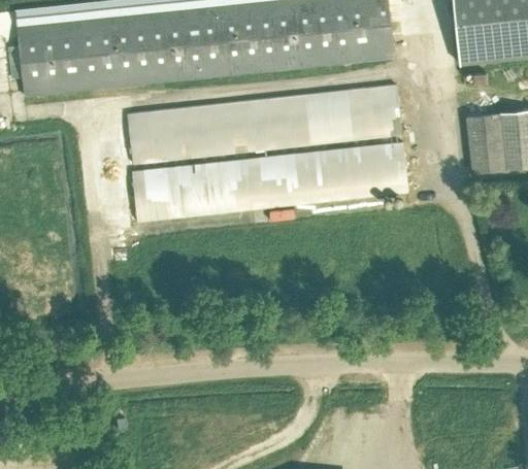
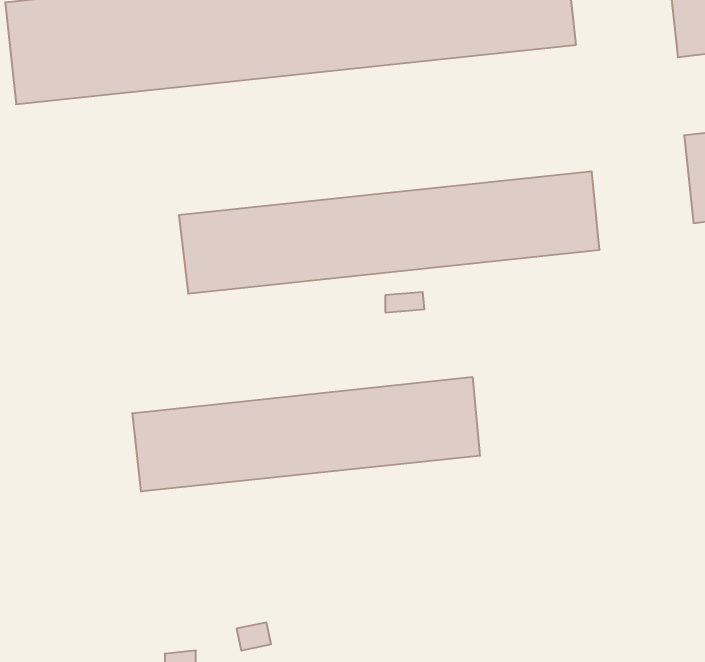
building: [126,83,402,165] -> none
building: none -> [132,377,480,492]

